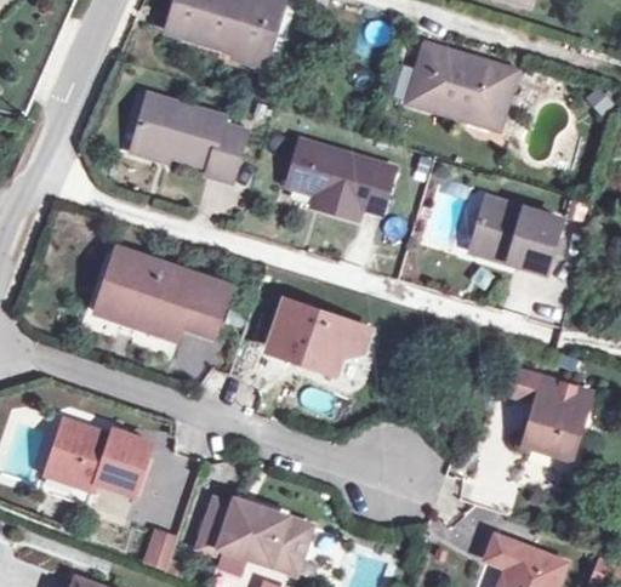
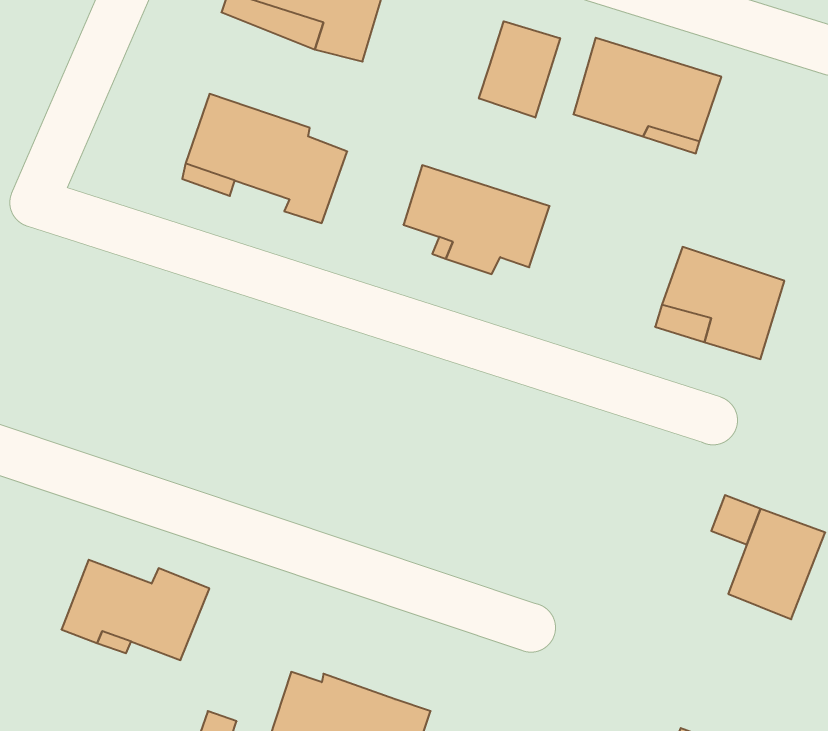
building: none -> [479,21,560,118]
building: [93,251,230,335] -> none
building: [267,298,368,372] -> none

